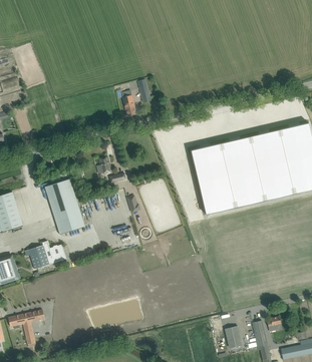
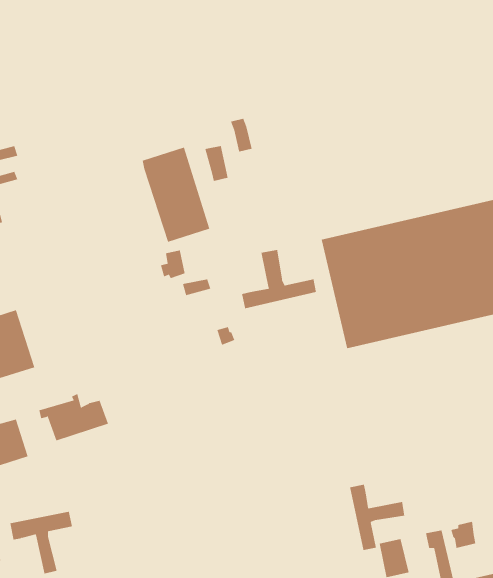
building: none -> [241,249,317,309]
building: [45,177,85,234] -> [142,147,210,242]
building: none -> [349,484,405,551]

